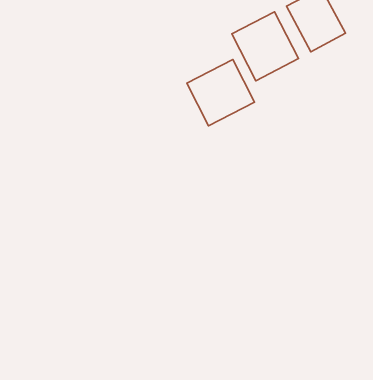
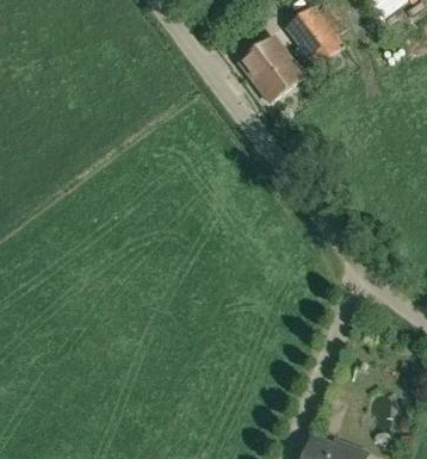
building: [187,60,254,126] -> none

